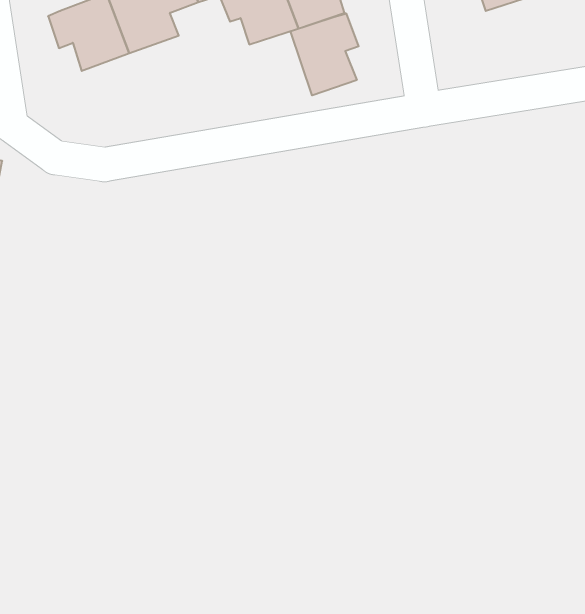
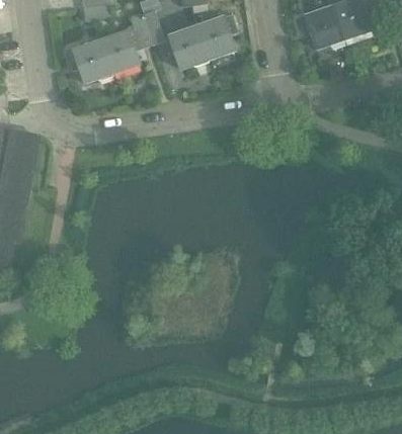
building: [291,13,359,95] -> none

